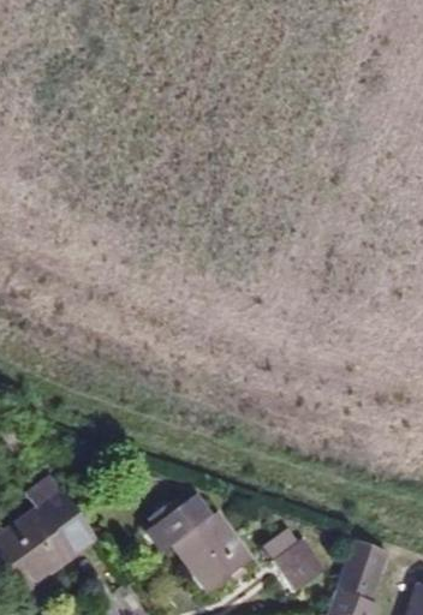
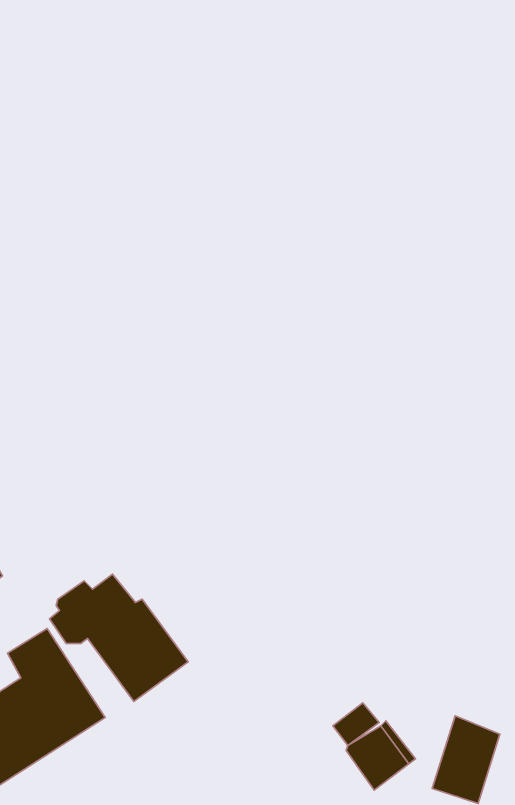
building: [149,497,250,590] -> [50,574,188,701]

